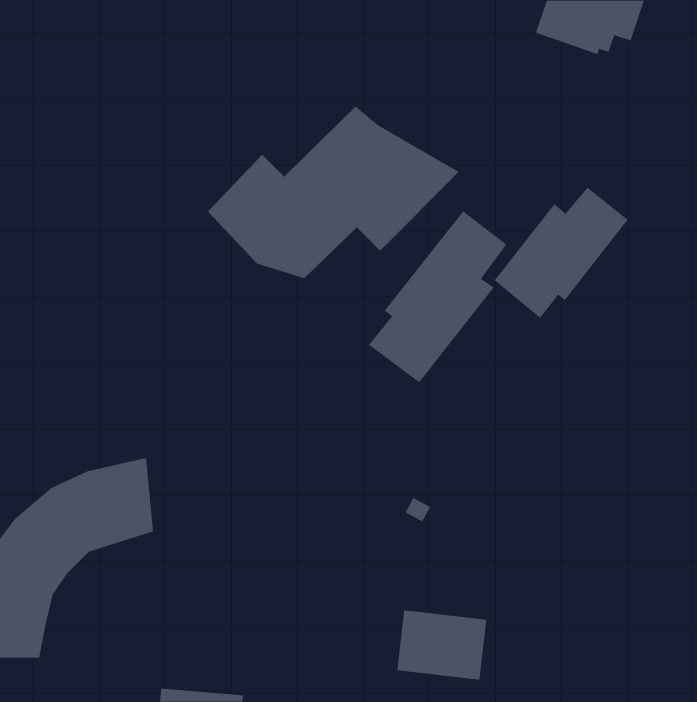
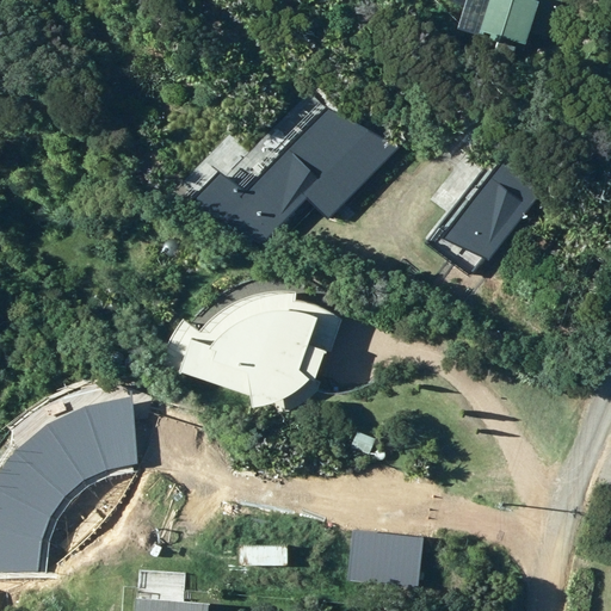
building: [368,210,507,383] -> none
building: none -> [161,291,342,408]

